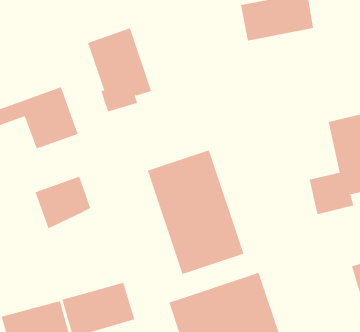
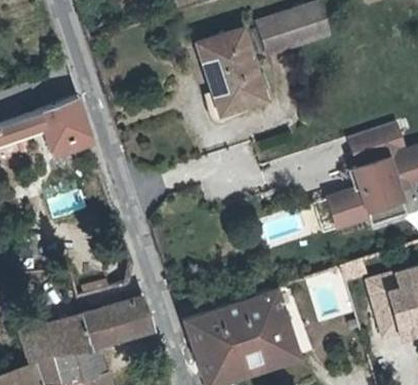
building: [87,28,152,112] -> [201,30,266,116]
building: [147,149,244,275] -> none
building: [35,176,91,229] -> none

